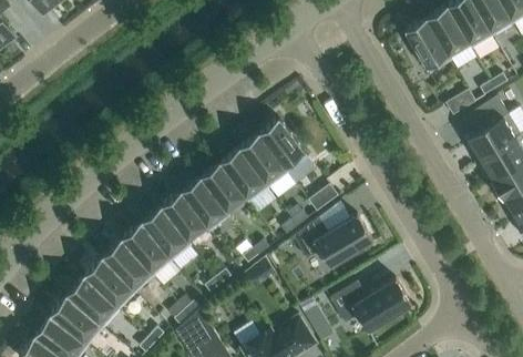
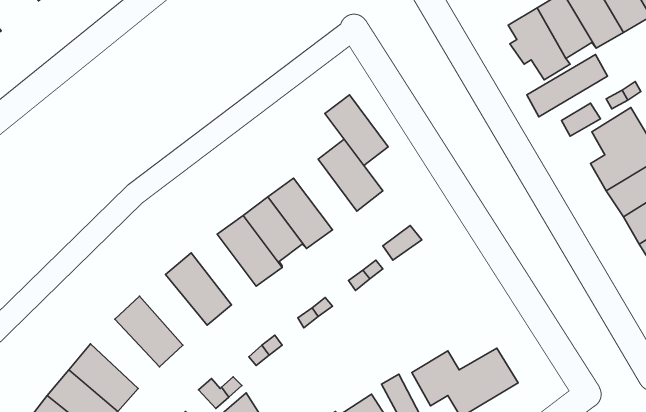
building: none -> [527,54,608,117]
building: [239,134,288,188] -> [325,95,388,165]
building: [161,192,211,246] -> none
building: [294,213,372,267] -> none
building: [121,223,173,277] -> none
building: [83,257,136,310] -> none

